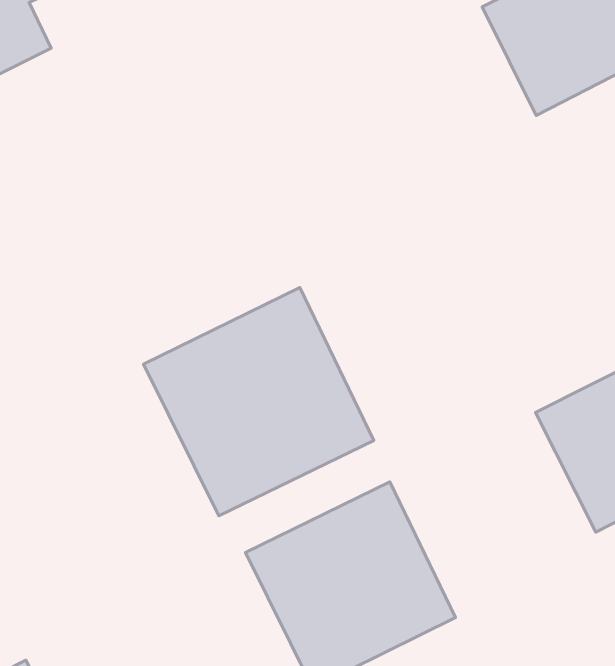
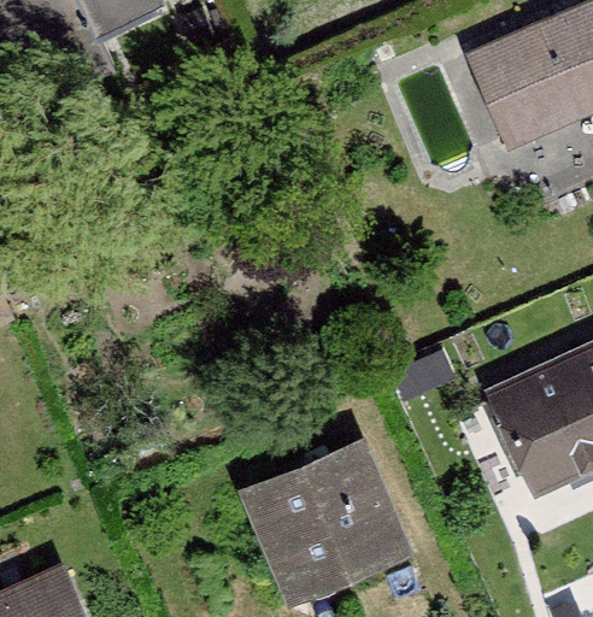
building: [144,288,374,516] -> none

